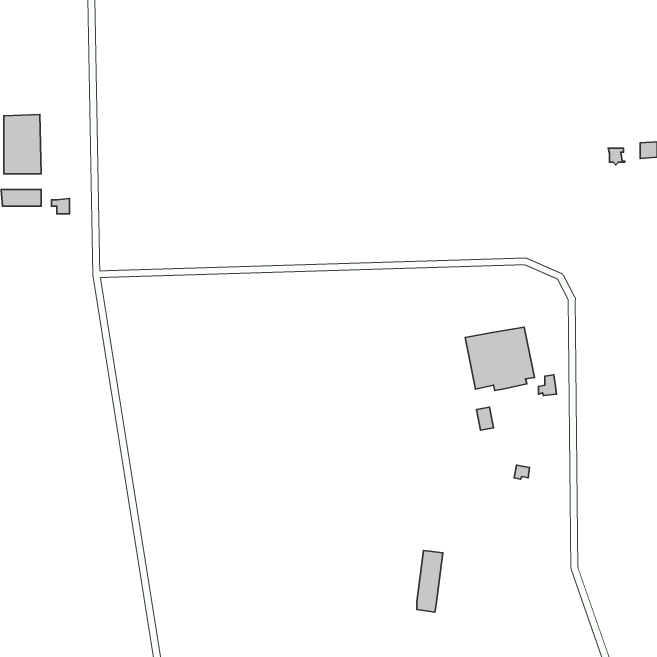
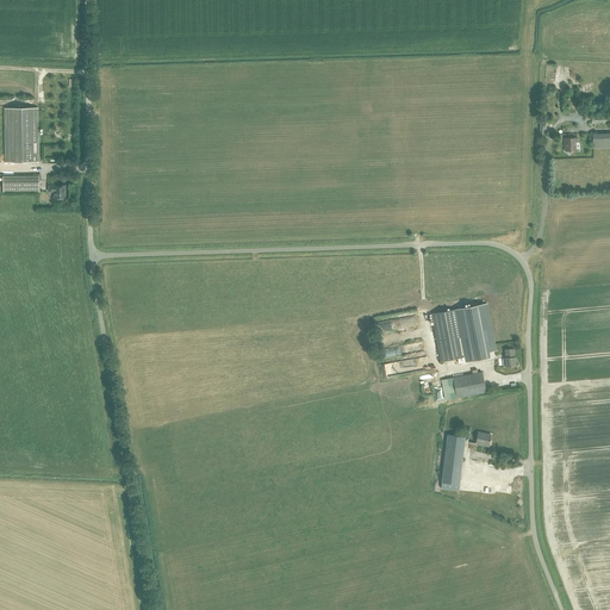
building: none -> [453,371,485,396]
building: [417,550,443,612] -> [441,432,465,490]

